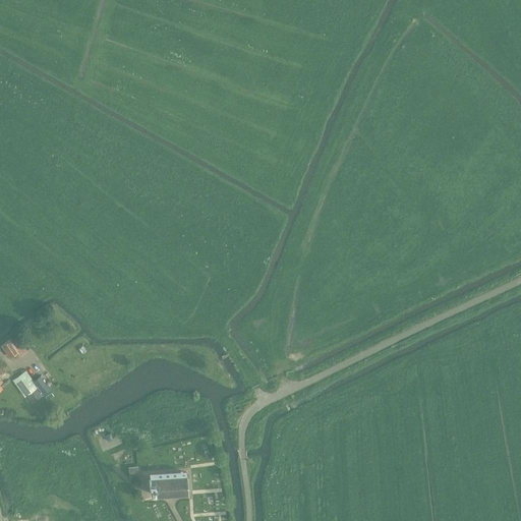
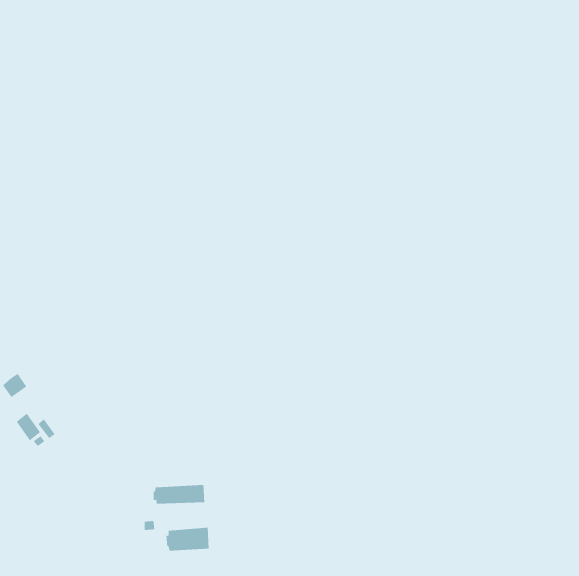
building: none -> [153,484,205,504]

